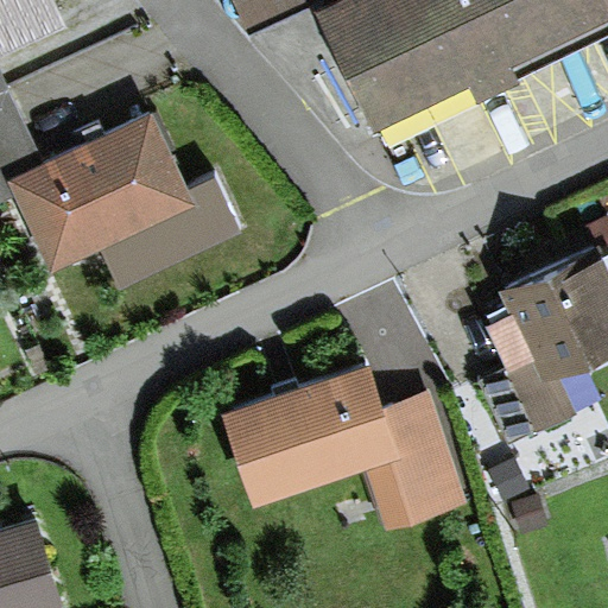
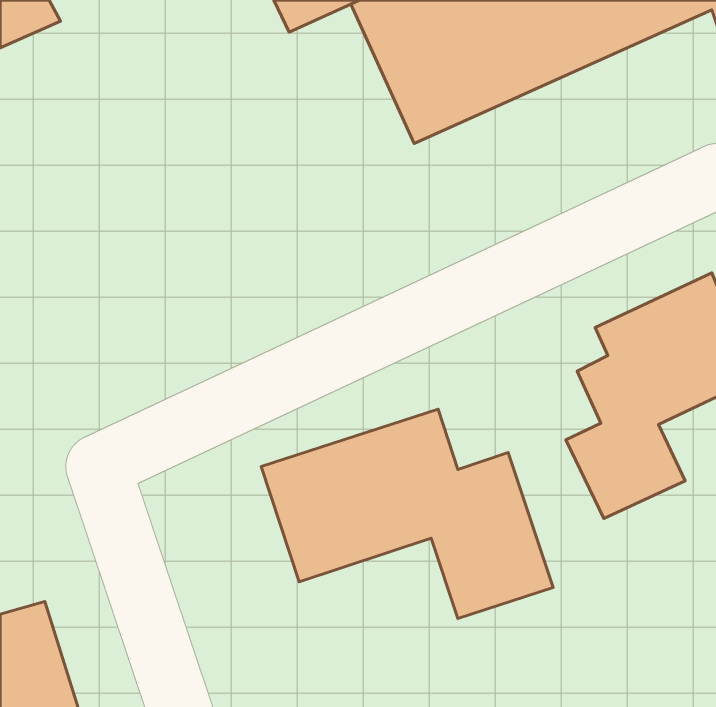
building: [7,122,232,290] -> none

